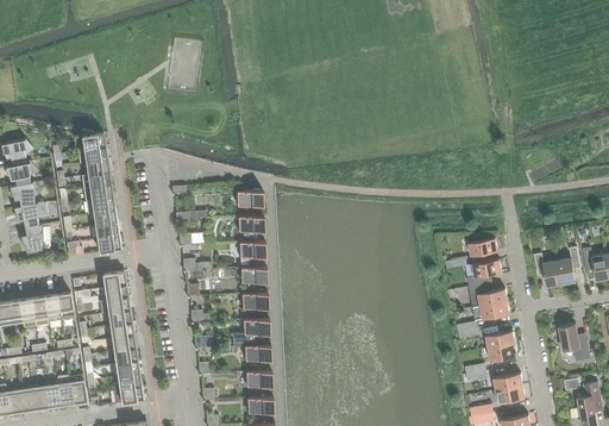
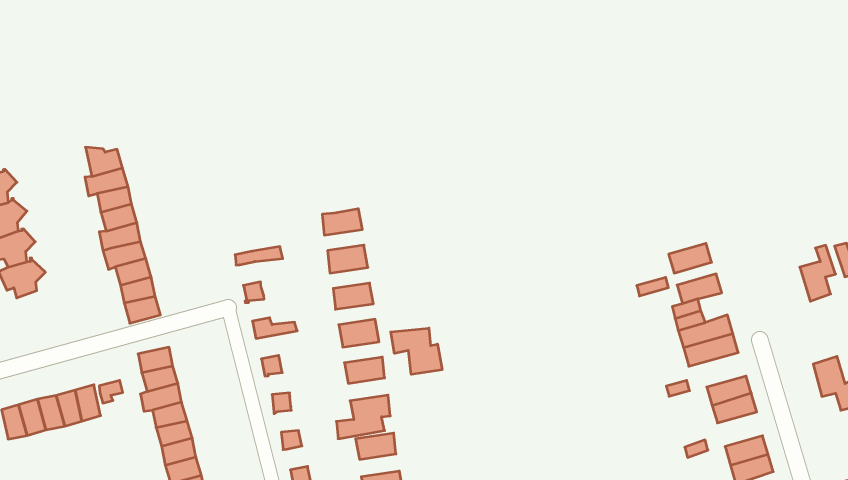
building: [20,223,43,253] -> none
building: [534,253,561,287] -> none
building: none -> [391,328,442,374]

